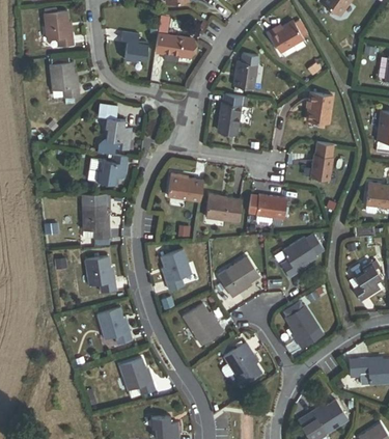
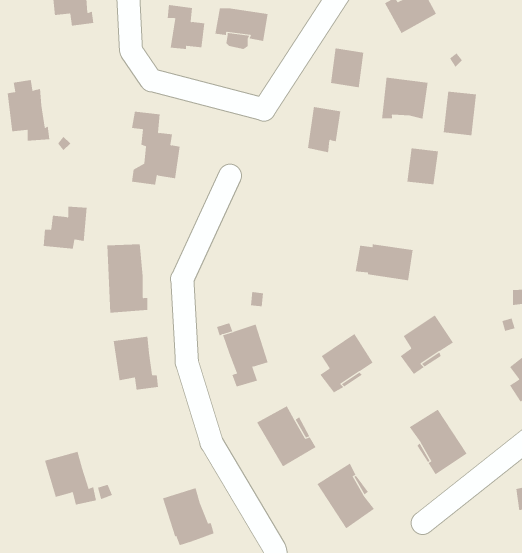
building: [48,58,77,100] -> [7,79,50,141]
building: none -> [381,77,428,120]
building: [98,156,128,185] -> [43,206,88,249]
building: [311,156,333,181] -> [406,148,439,185]
building: [167,173,203,201] -> none
building: [205,194,242,222] -> none
building: [98,307,133,344] -> [44,451,97,505]

